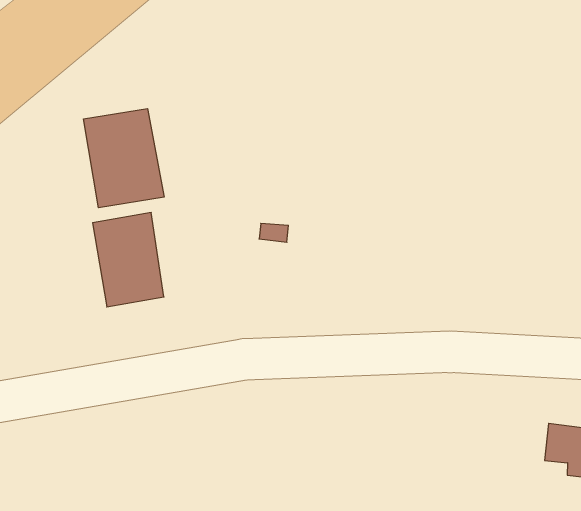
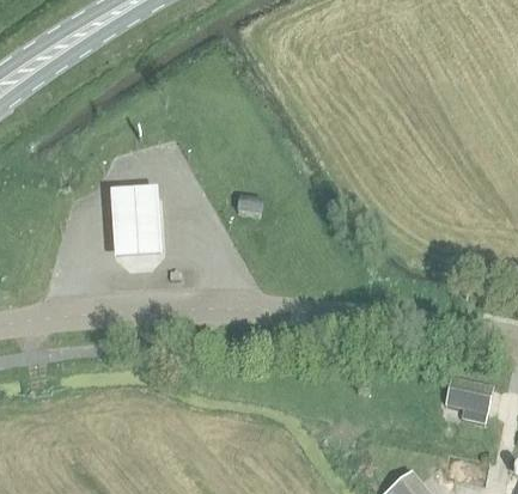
building: [84,109,164,208] -> none

